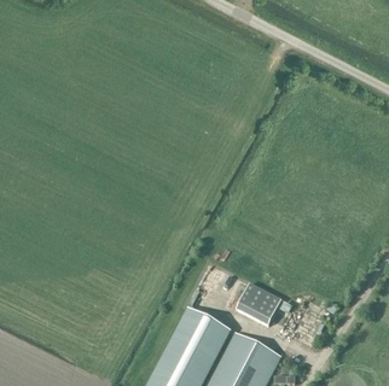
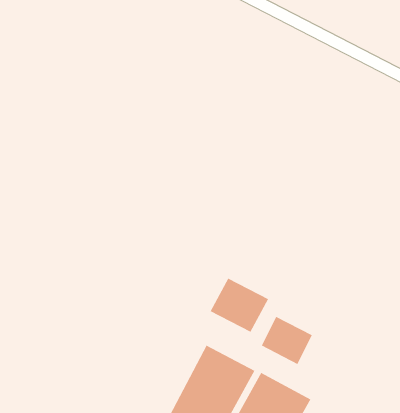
building: none -> [210,277,269,333]

